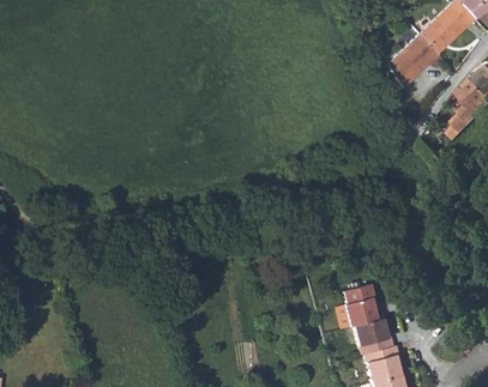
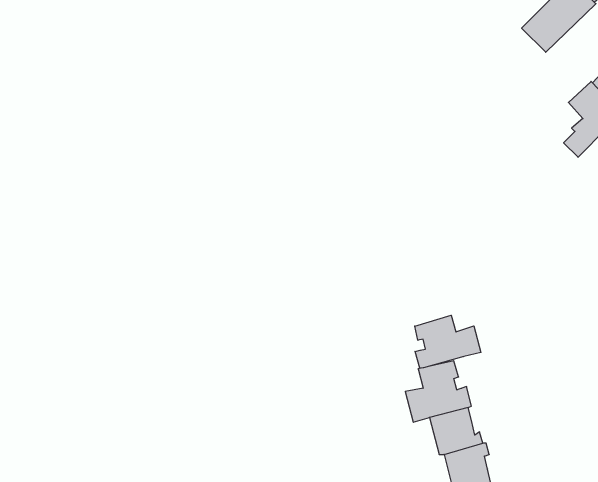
building: [392,37,441,91] -> none
building: none -> [415,315,481,368]

